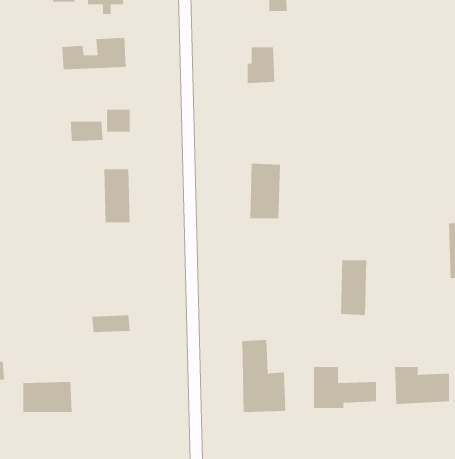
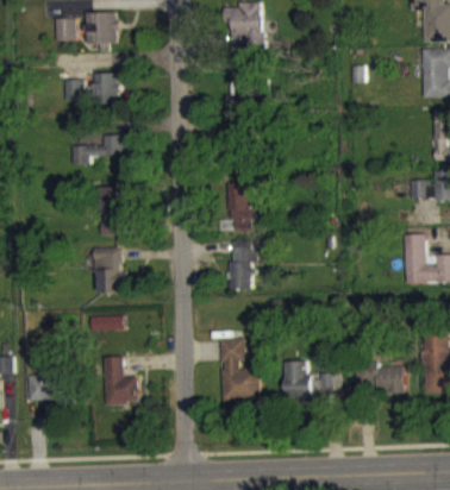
building: none -> [93,249,131,294]
building: [340,260,367,315] -> [230,241,254,290]
building: none -> [102,357,138,406]

